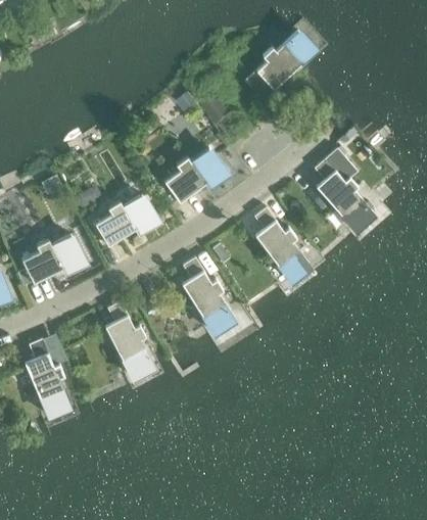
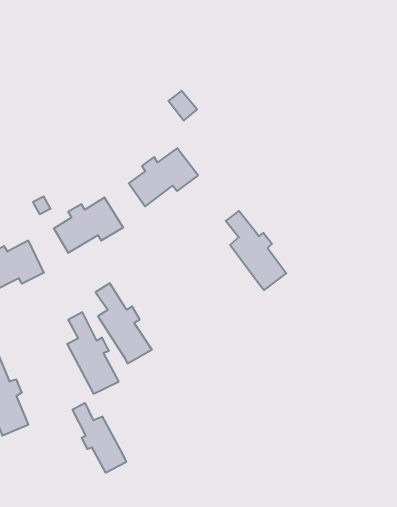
building: [245,32,316,92] -> none
building: [315,148,374,230] -> none
building: [183,257,235,332] -> [96,283,152,364]
building: none -> [73,403,126,473]

